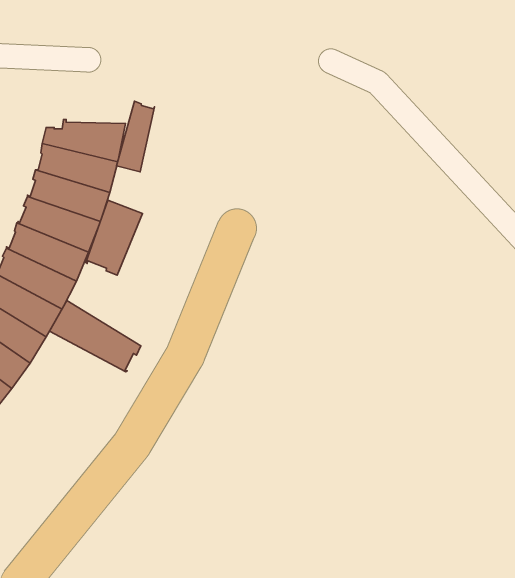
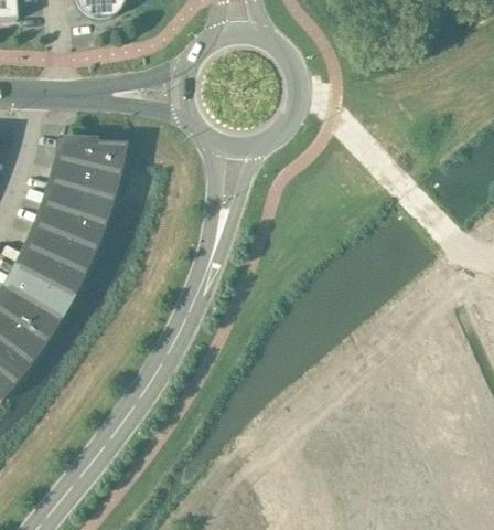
building: [117,101,155,172] -> none
building: [86,200,142,275] -> none
building: [49,300,141,372] -> none

